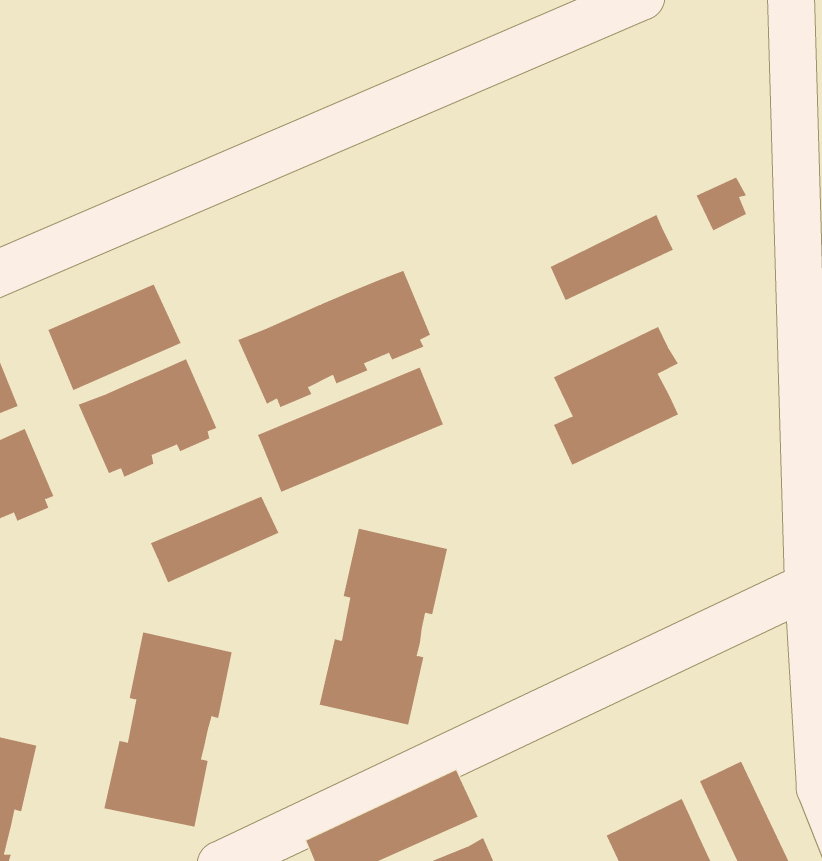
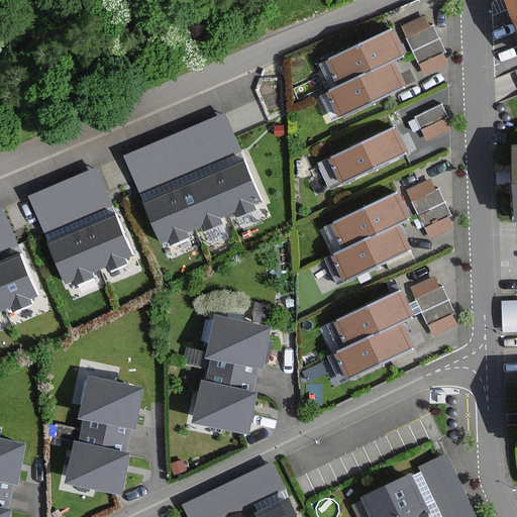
building: none -> [402,17,443,71]
building: none -> [327,31,402,114]
building: none -> [407,181,448,234]
building: [257,367,444,493] -> [125,115,236,190]
building: none -> [411,278,453,332]
building: none -> [334,292,409,376]
building: [150,496,279,583] -> none

